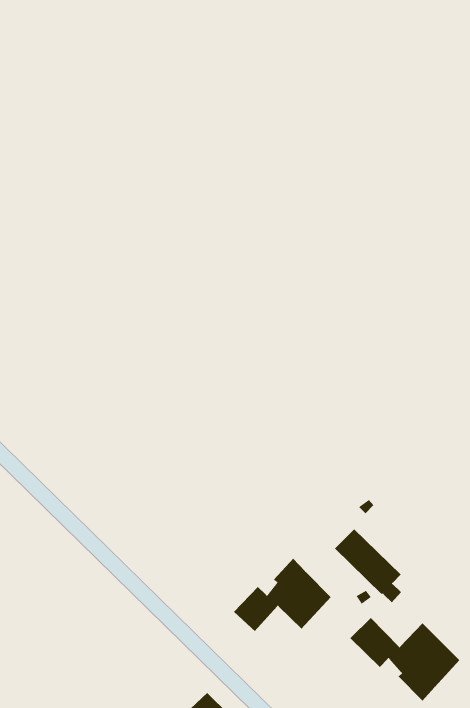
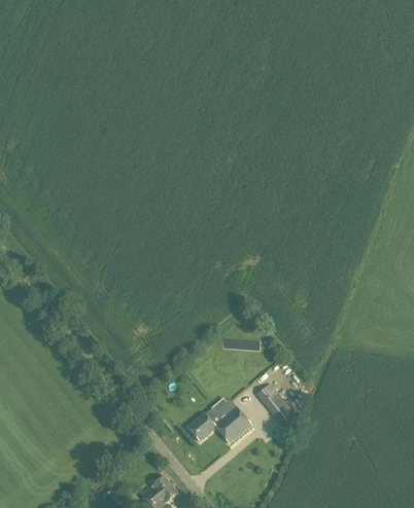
building: [349,617,460,701] -> none

